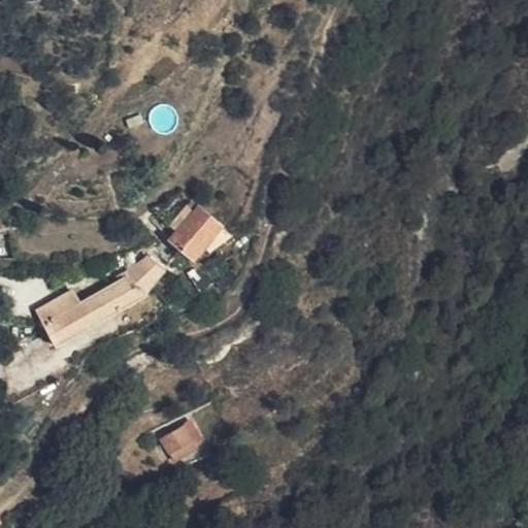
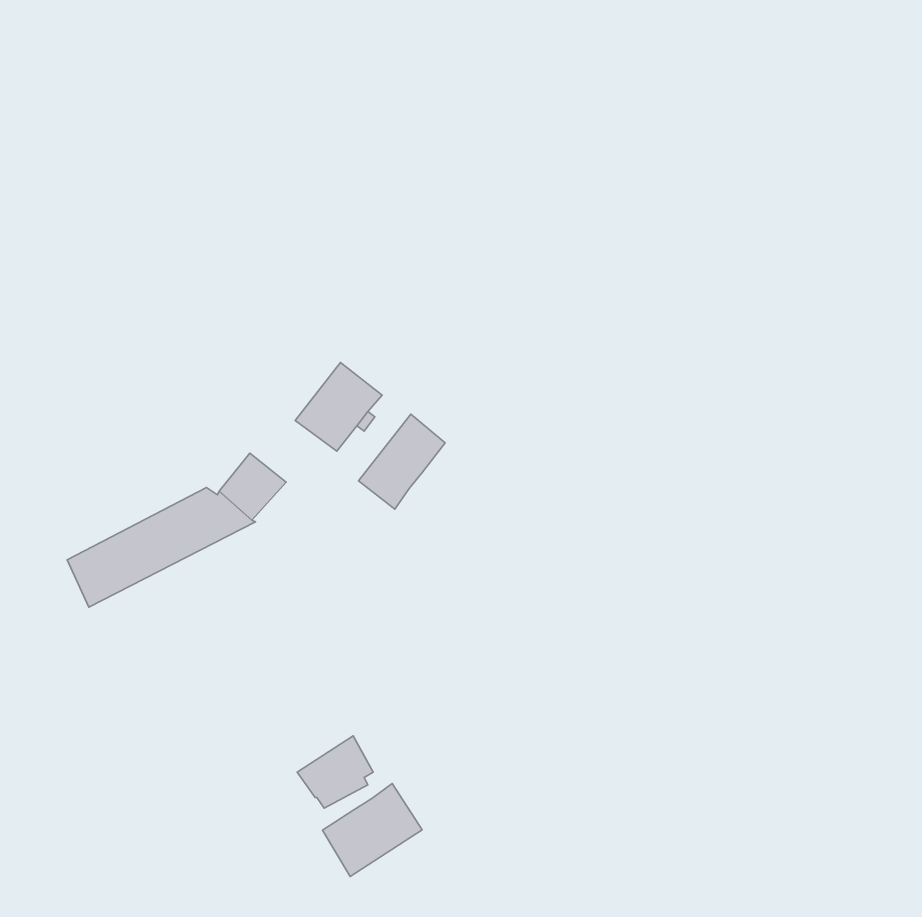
building: none -> [359,414,445,509]
building: none -> [322,784,422,876]

